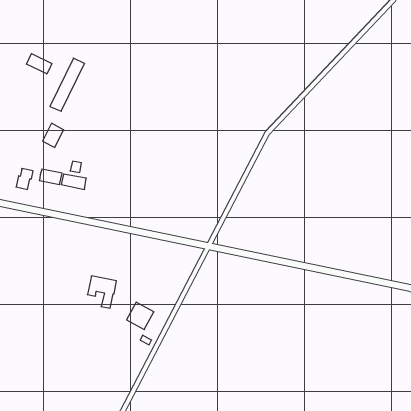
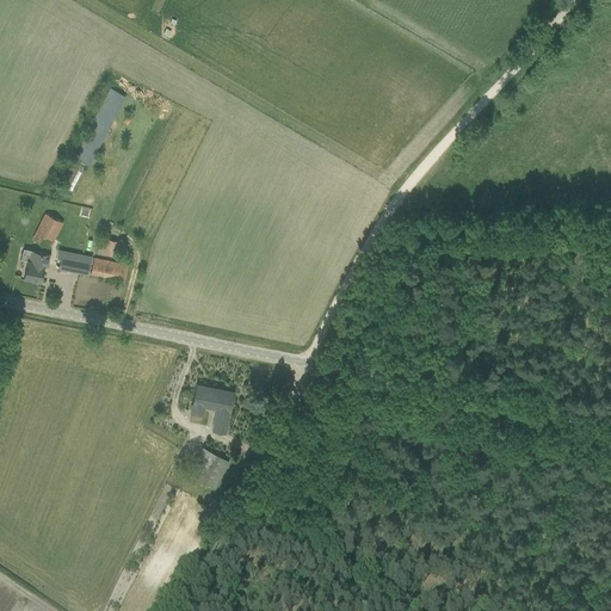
building: [27,54,52,74] -> none
building: [43,123,64,147] -> [33,214,64,249]
building: [87,276,116,308] -> [192,385,235,433]

